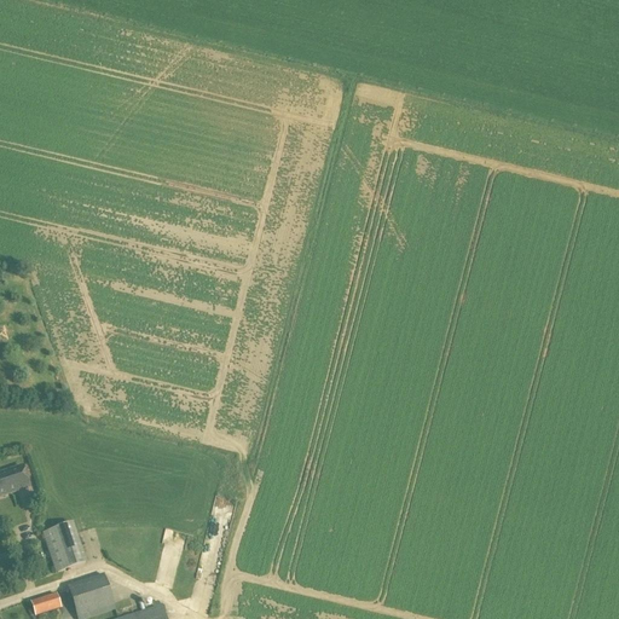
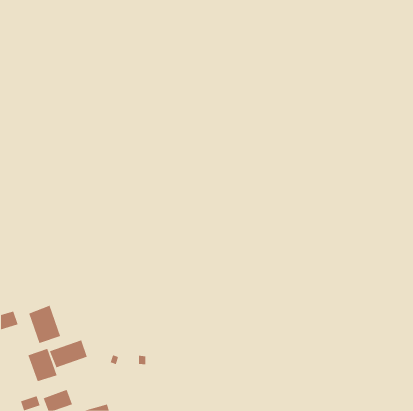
building: none -> [29,305,61,344]
building: none -> [49,340,87,368]

